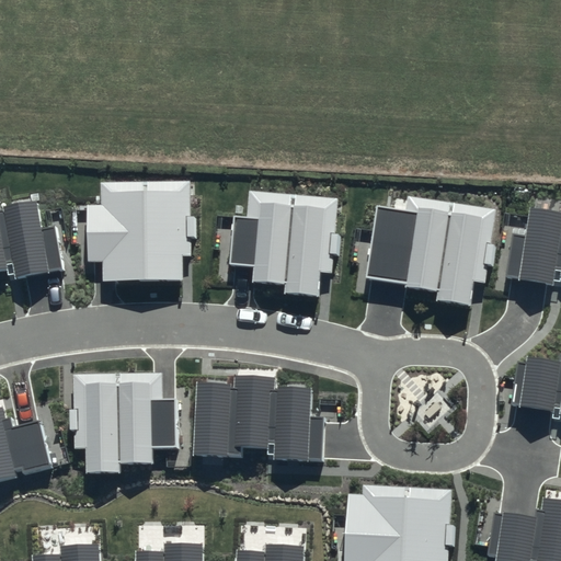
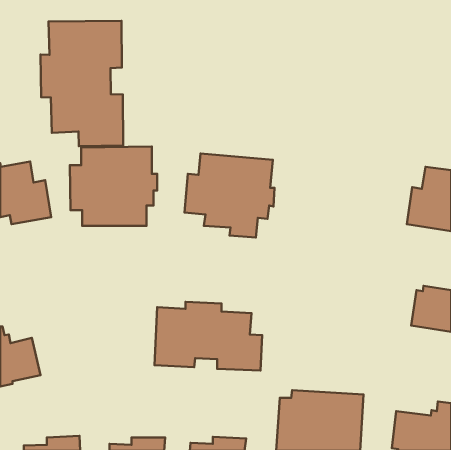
building: none -> [41,21,123,146]
building: [368,197,497,308] -> none
building: [73,375,176,474] -> none

